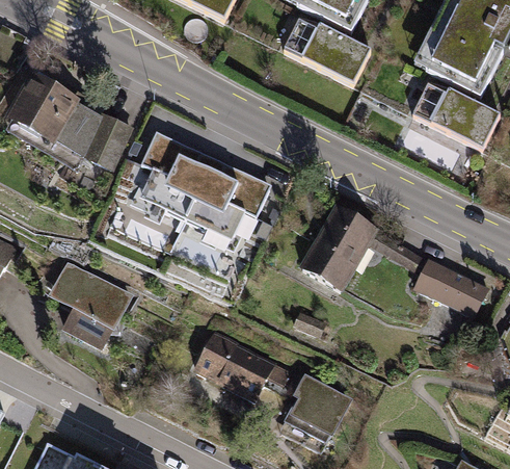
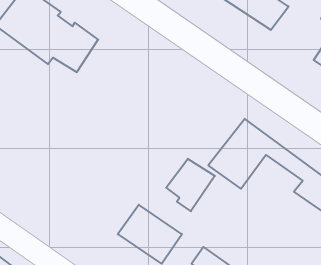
building: [137,134,269,243] -> none
building: [47,264,134,355] -> none
building: none -> [166,159,215,211]

